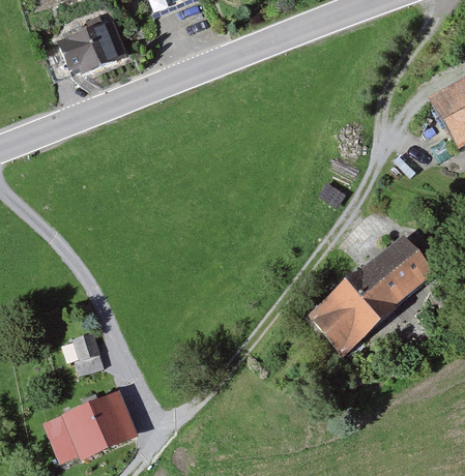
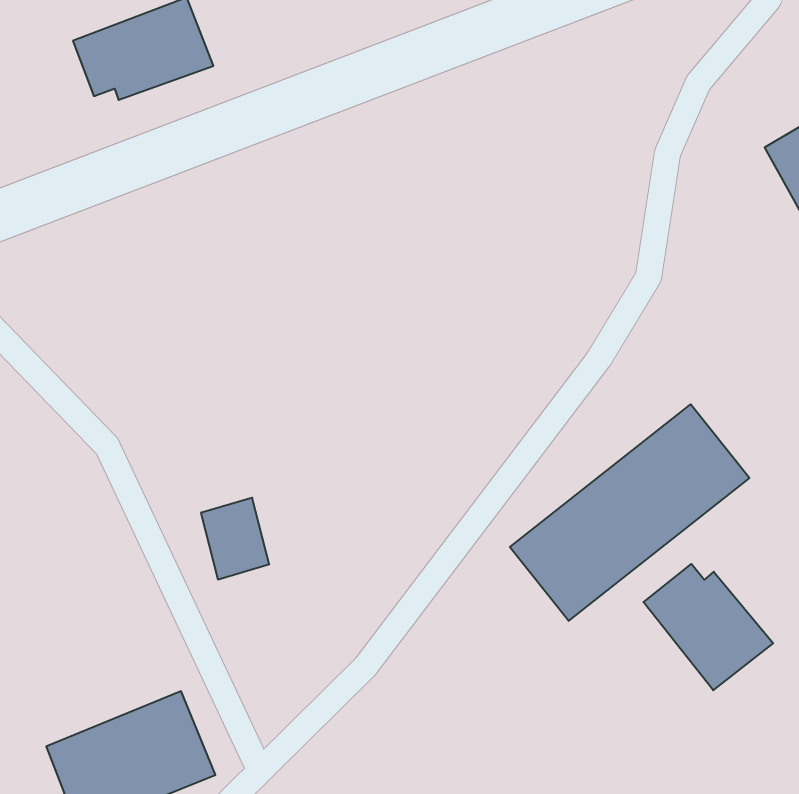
building: none -> [643,564,773,690]
building: [71,330,109,375] -> [201,498,269,579]

